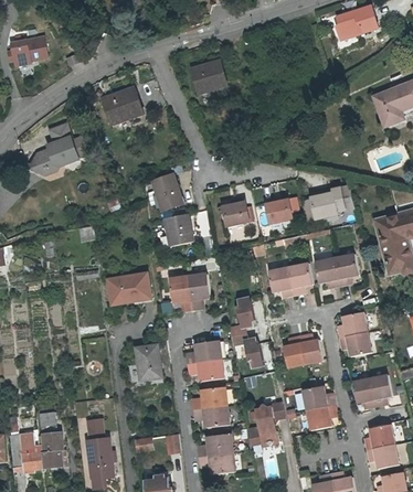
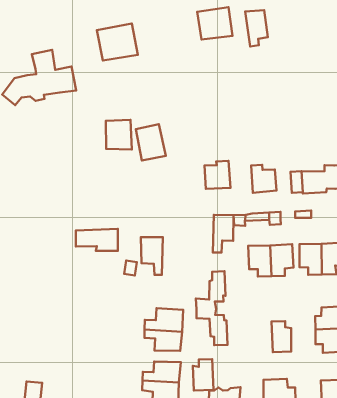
building: none -> [245,10,268,46]
building: [162,216,190,246] -> [106,120,132,149]
building: [191,274,212,310] -> [213,215,233,252]
building: [285,336,307,367] -> [193,359,214,391]
building: [135,344,161,379] -> none

